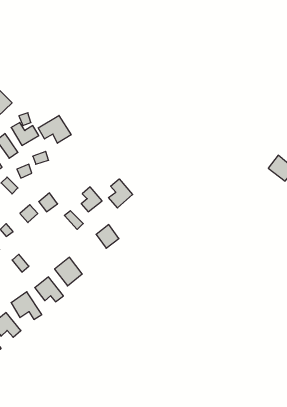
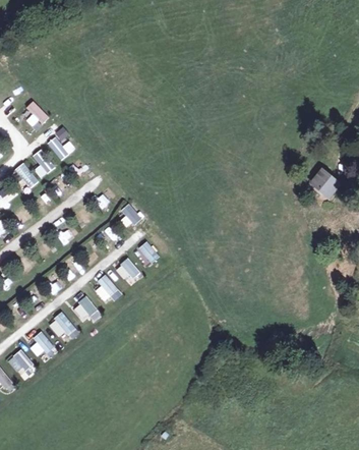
building: [38,115,71,143] -> none
building: [109,179,133,208] -> none
building: none -> [114,257,141,284]

